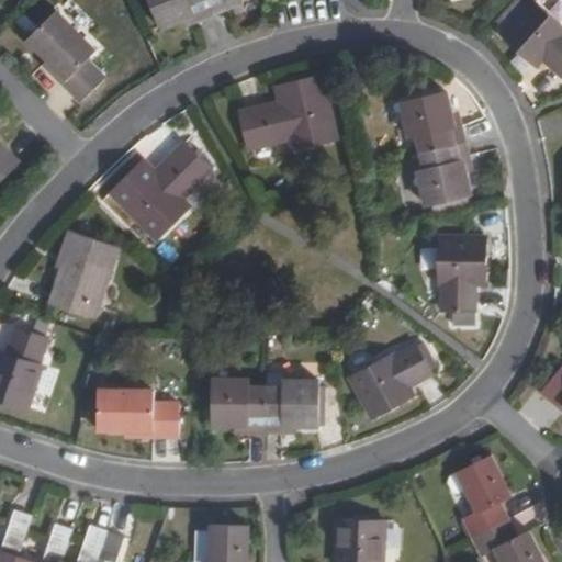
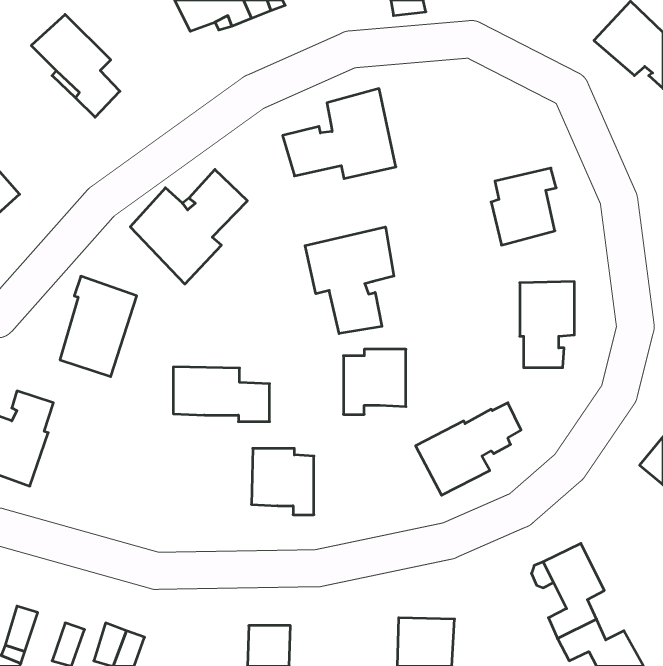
building: [397,92,464,153] -> none
building: none -> [305,227,394,334]
building: [265,379,317,434] -> [343,349,406,414]
building: [97,390,178,436] -> [173,367,270,422]

